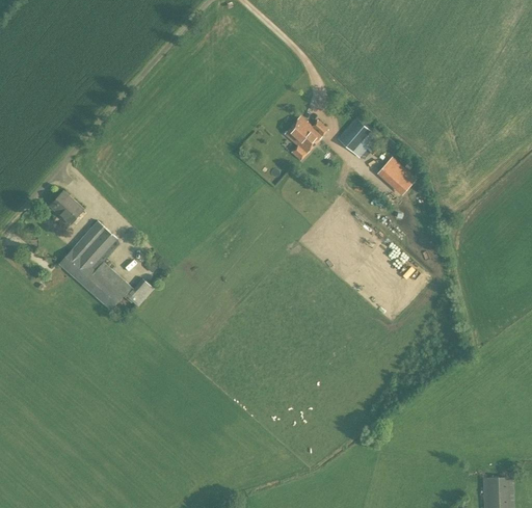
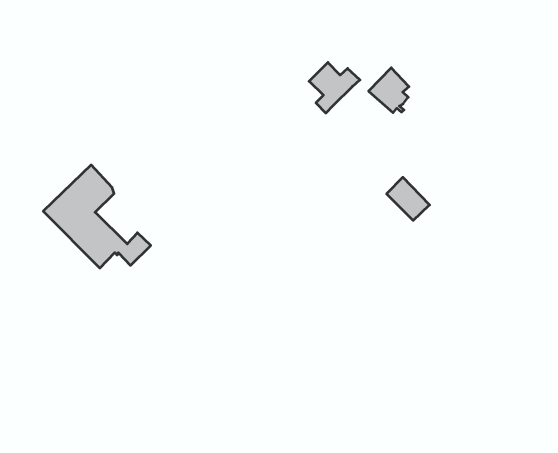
building: [377,158,416,195] -> [387,177,430,220]
building: [47,190,82,224] -> none

